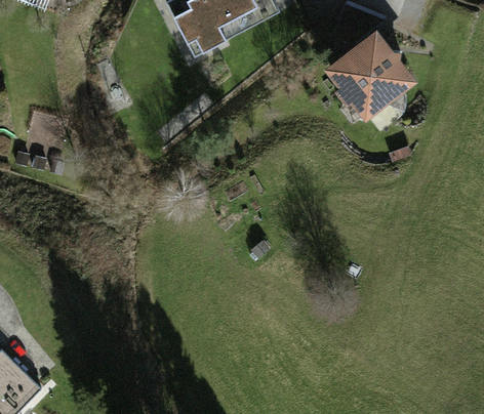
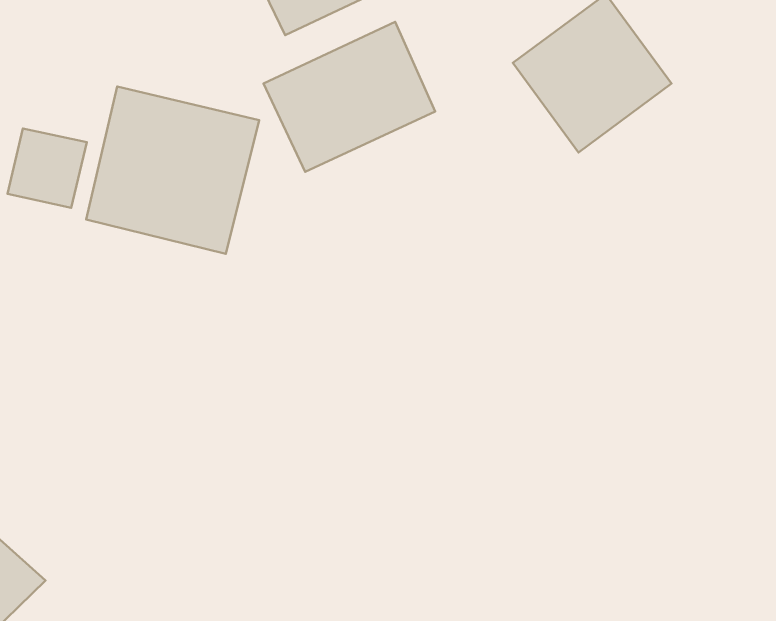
building: none -> [263,22,435,172]
building: none -> [86,87,259,254]

